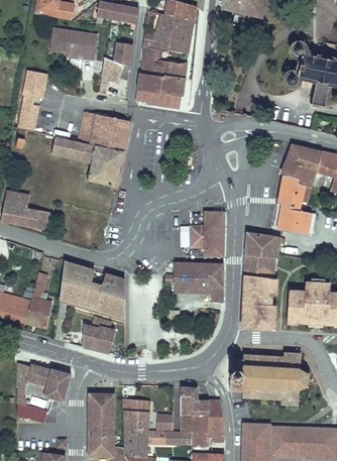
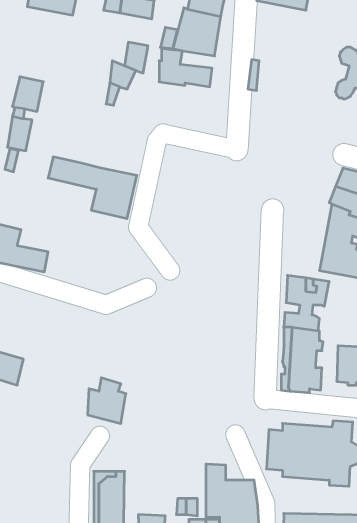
building: [50,27,97,59] -> none
building: [136,73,184,108] -> none
building: [79,111,130,150] -> none
building: [191,211,223,254] -> none
building: [168,261,226,302] -> none
building: [60,262,125,323] -> none
building: [26,273,52,327] -> none
building: [17,362,72,422] -> none
building: [124,398,149,429] -> none

